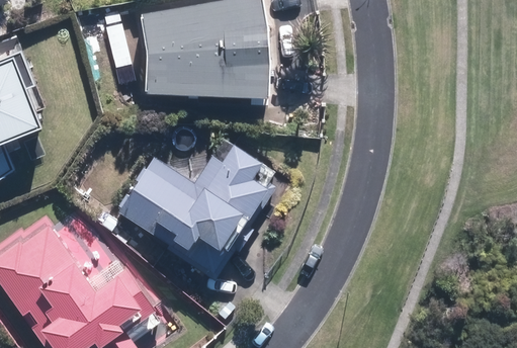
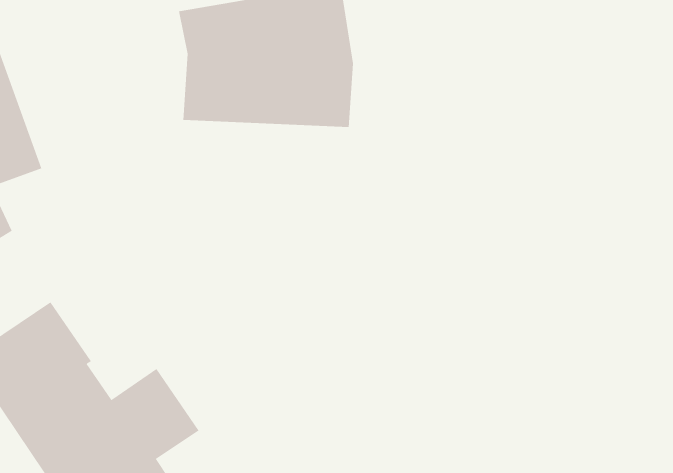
building: [118,139,277,277] -> none

